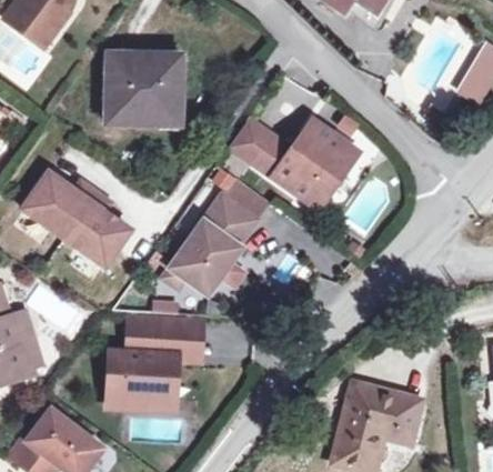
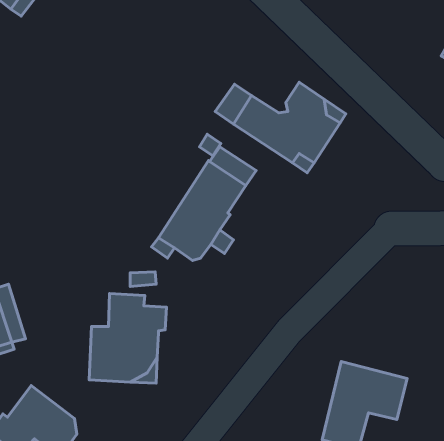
building: [104,54,183,129] -> none
building: [28,174,135,267] -> none
building: [161,323,203,361] -> none

